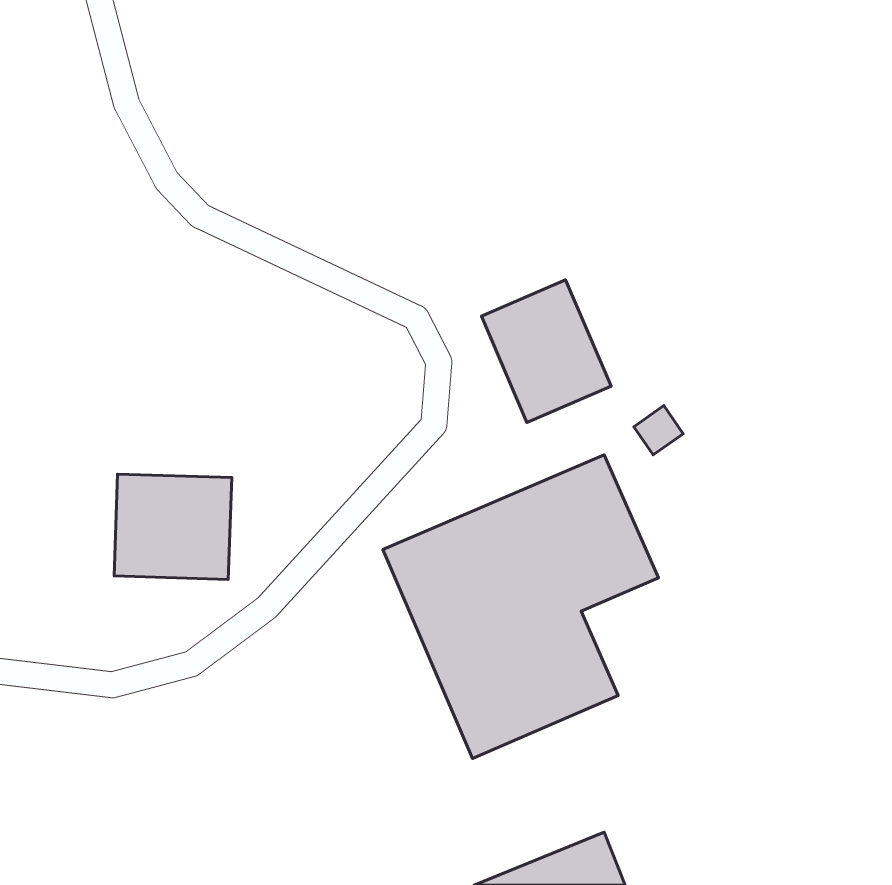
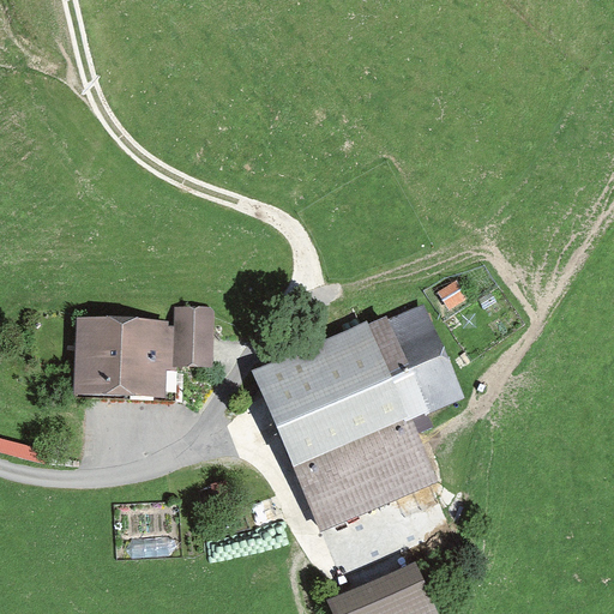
building: [481,280,611,423] -> none
building: none -> [171,302,211,367]

